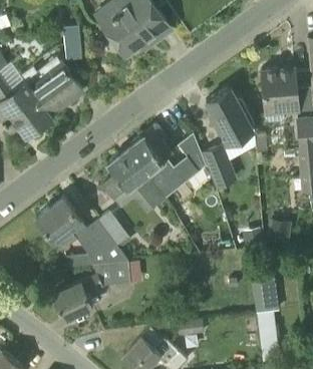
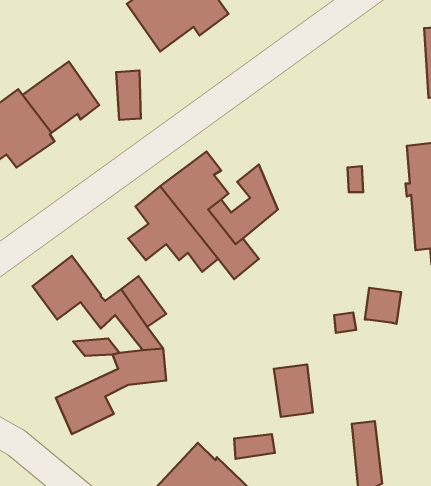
building: [67,25,84,59] -> [116,71,141,120]
building: [261,68,298,122] -> none
building: [206,88,253,140] -> none
building: [203,145,235,190] -> none
building: [252,278,279,314] -> [274,365,313,417]

